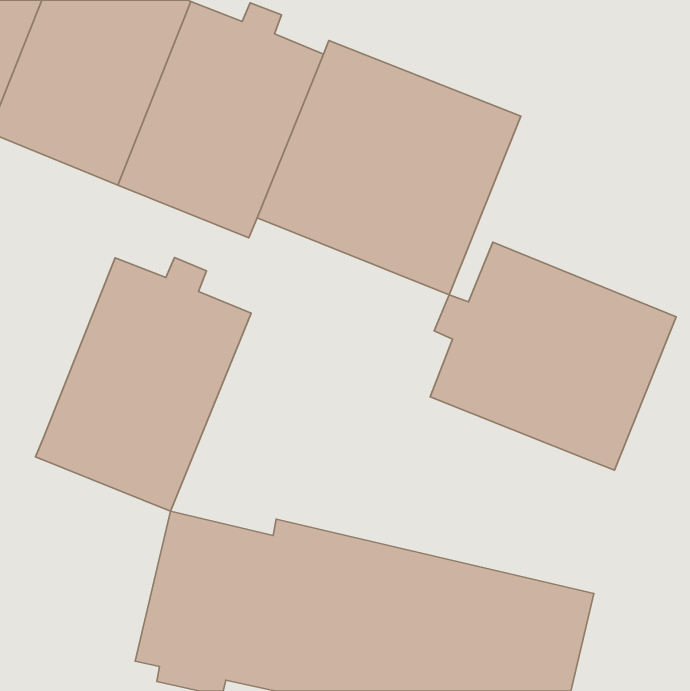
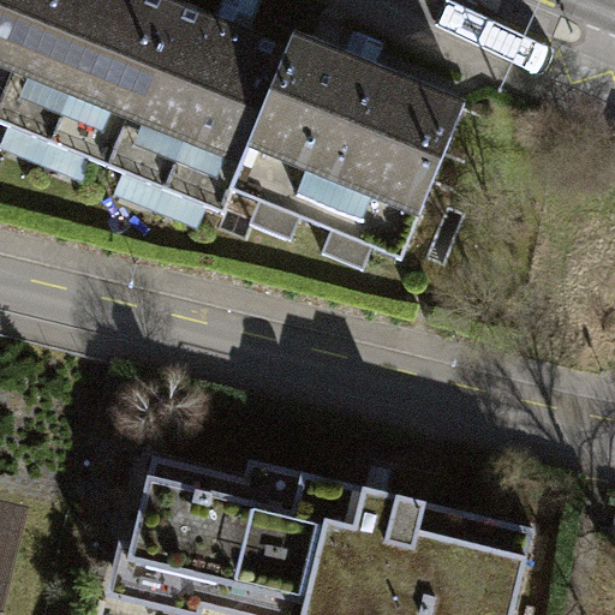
building: [430,242,676,470] -> none
building: [36,258,251,511] -> none

